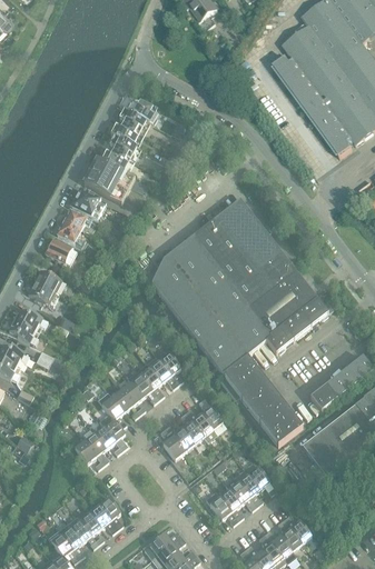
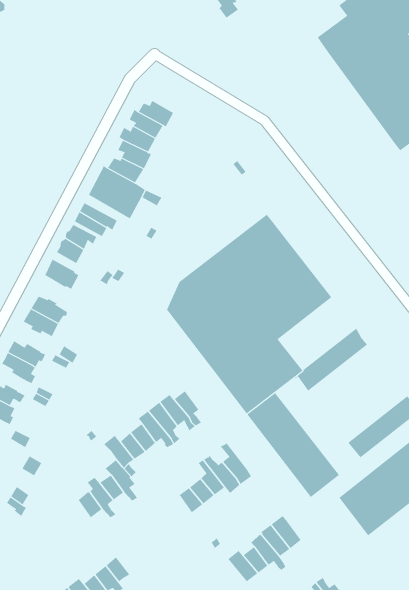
building: [273,57,352,157] -> none
building: [249,271,317,335] -> none

